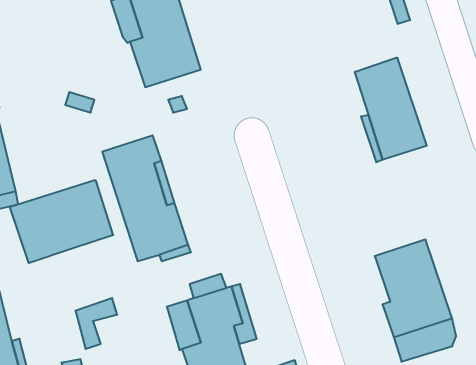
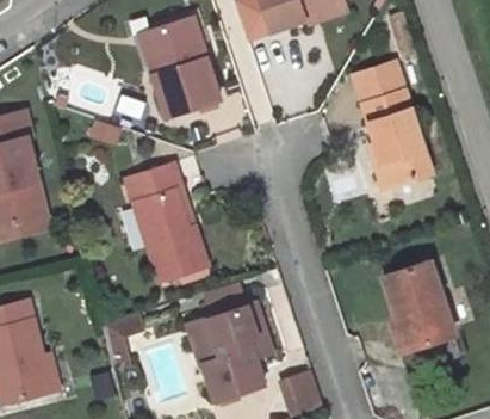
building: none -> [356,63,403,103]
building: [10,180,113,263] -> none

